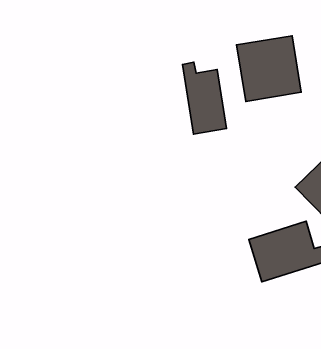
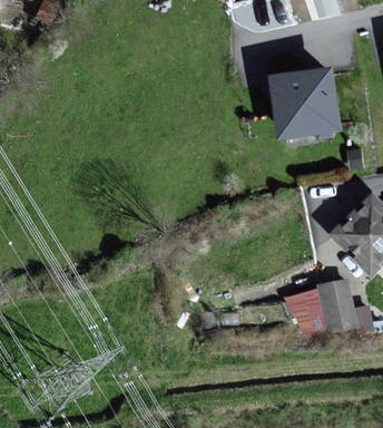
building: [182,62,227,134] -> none

